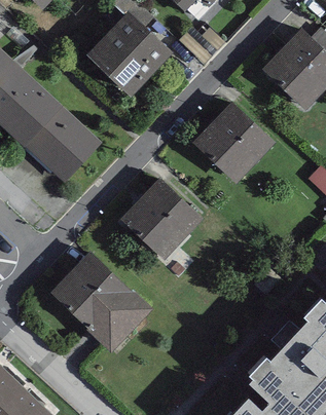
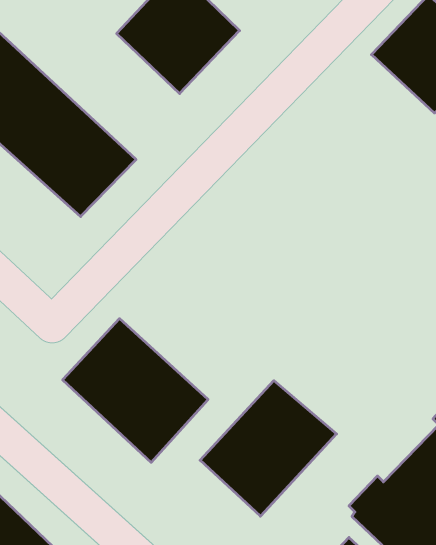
building: [192,101,274,182] -> none
building: [122,179,201,257] -> none
building: none -> [200,381,337,516]

